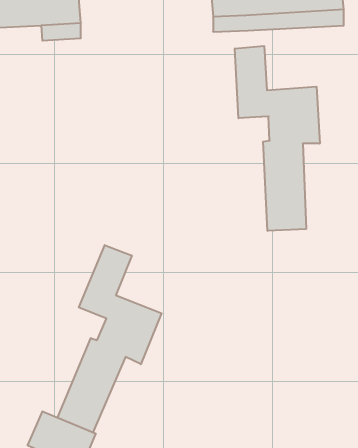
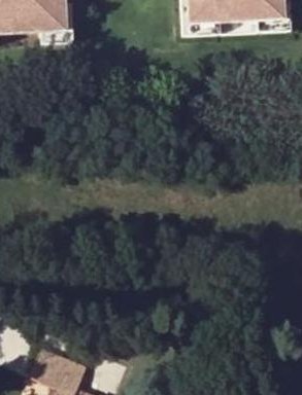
building: [235,46,320,231] -> none
building: [58,245,162,433] -> none

